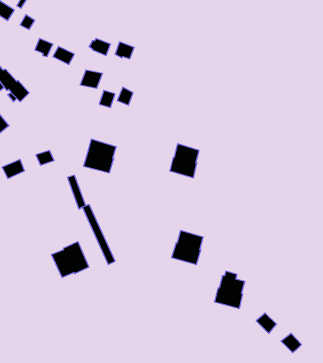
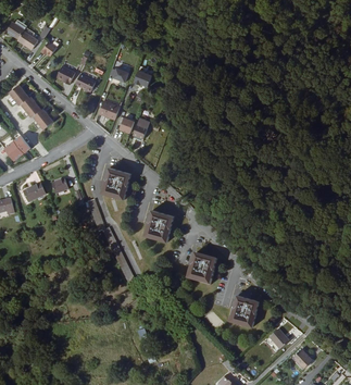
building: [170,144,199,178] -> [147,207,175,239]
building: [52,242,89,278] -> none

